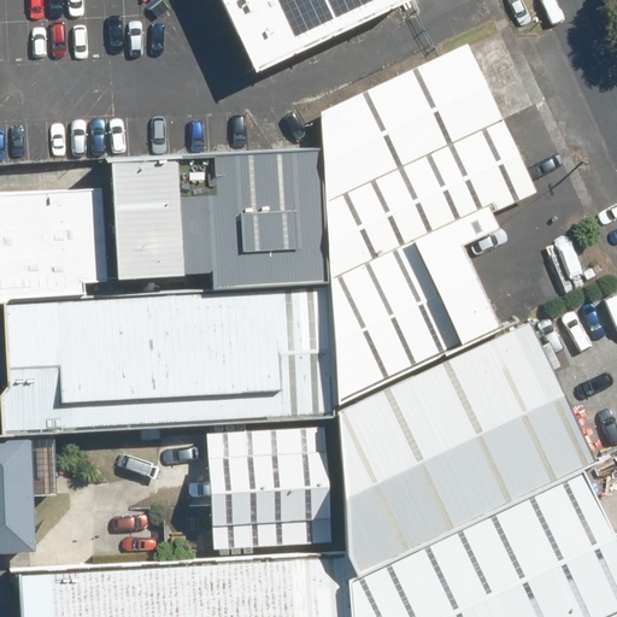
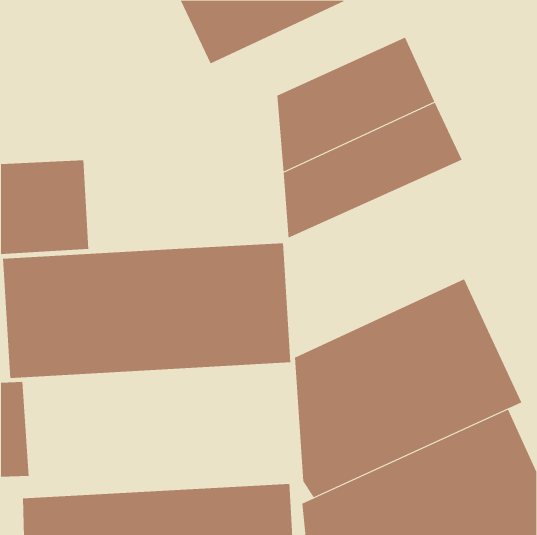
building: [114,147,325,287] -> none
building: [330,204,507,405] -> none
building: [205,427,330,550] -> none

